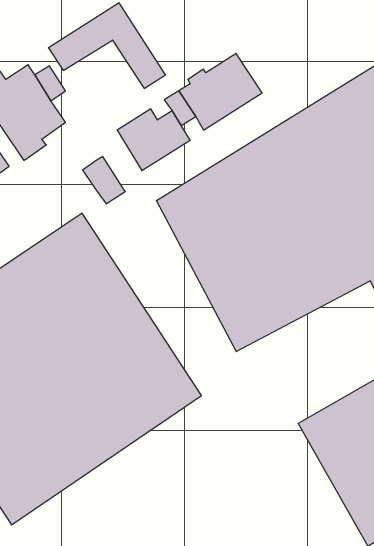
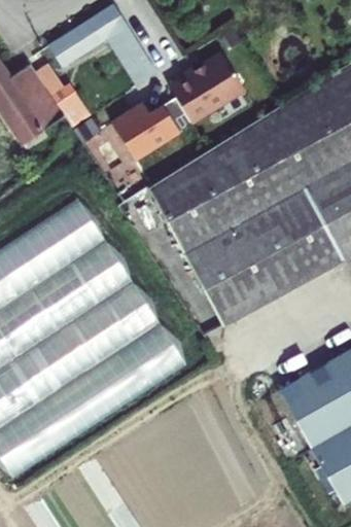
building: [83,157,125,204] -> [50,82,90,126]

